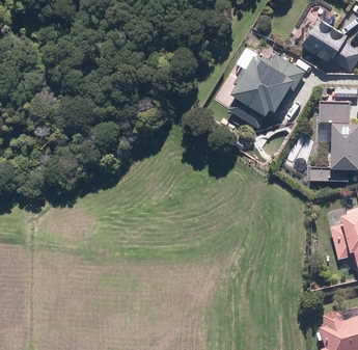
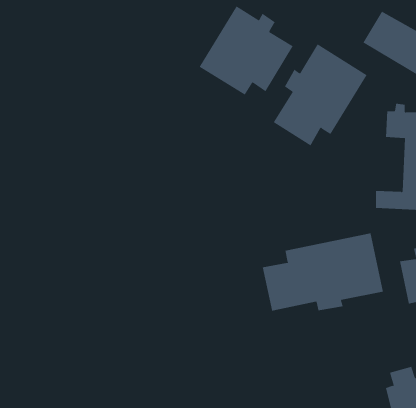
building: none -> [199,6,294,96]
building: none -> [262,233,383,312]

